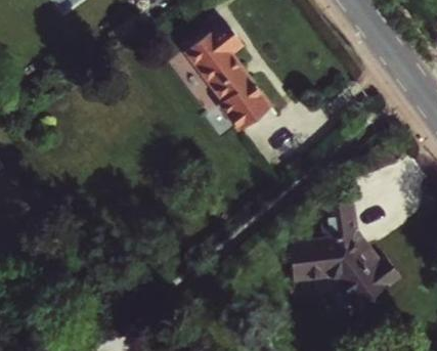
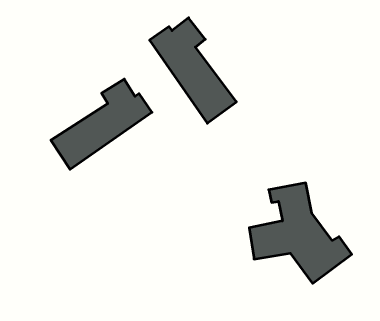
building: none -> [51,79,152,169]

